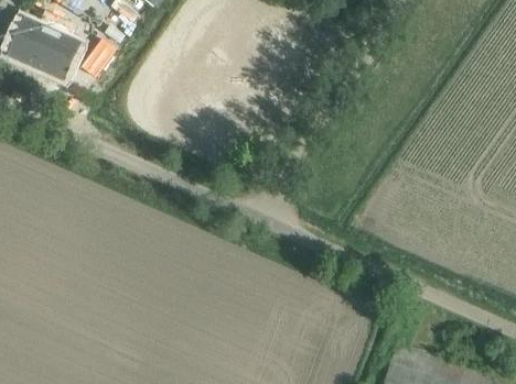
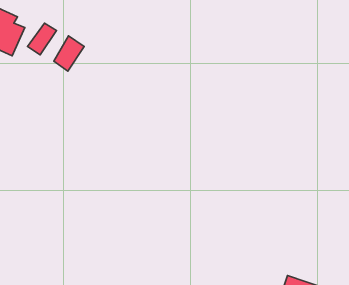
building: none -> [54,36,84,71]

